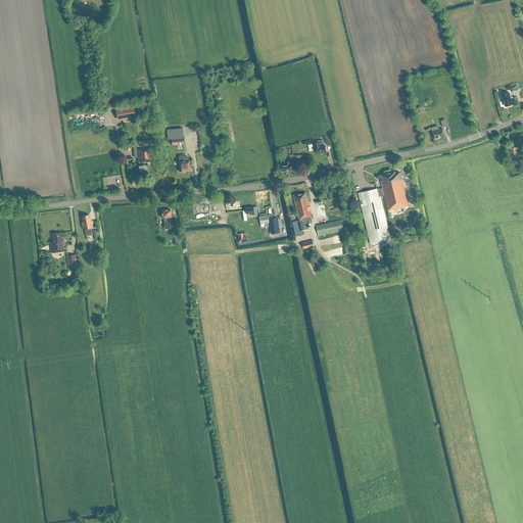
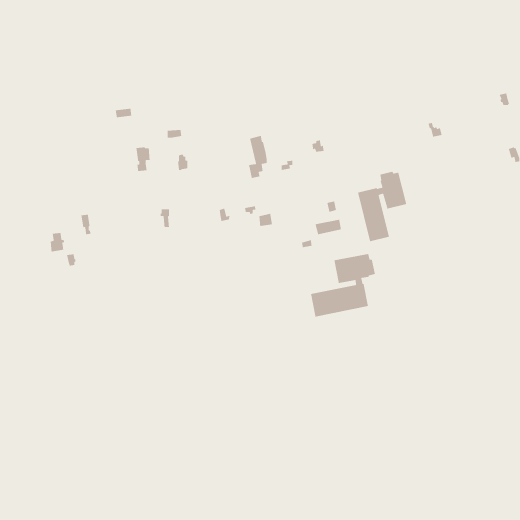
building: [292,192,312,236] -> [248,135,268,179]
building: none -> [310,253,376,317]

